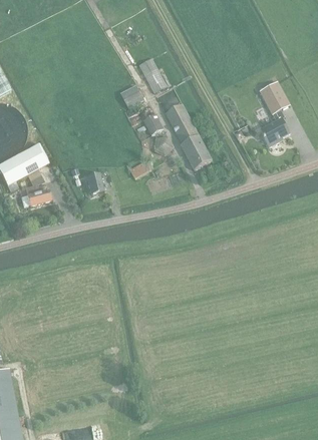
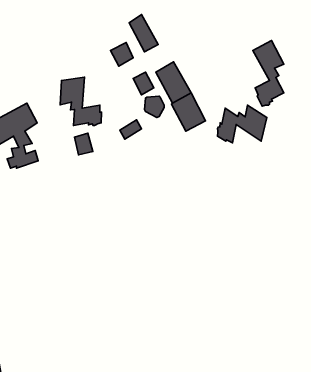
building: none -> [60,77,101,126]
building: none -> [217,105,267,143]

